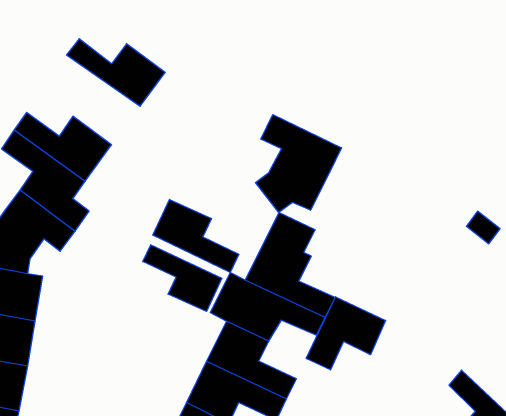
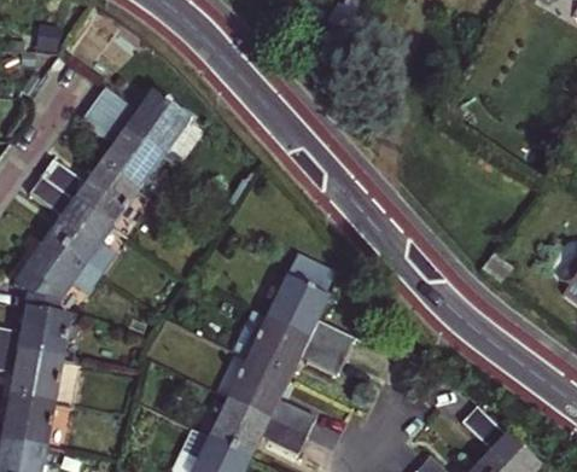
building: none -> [82,101,165,188]
building: [256,115,342,212] -> none
building: [153,199,239,273] -> none
building: [143,245,222,311] -> none
building: [306,297,386,370] -> none

